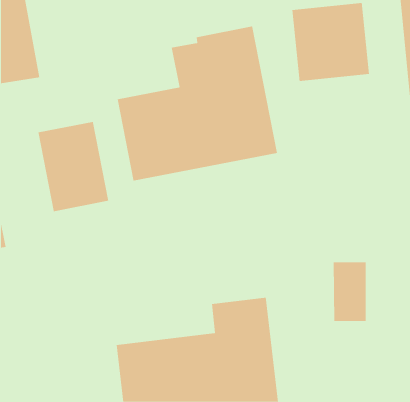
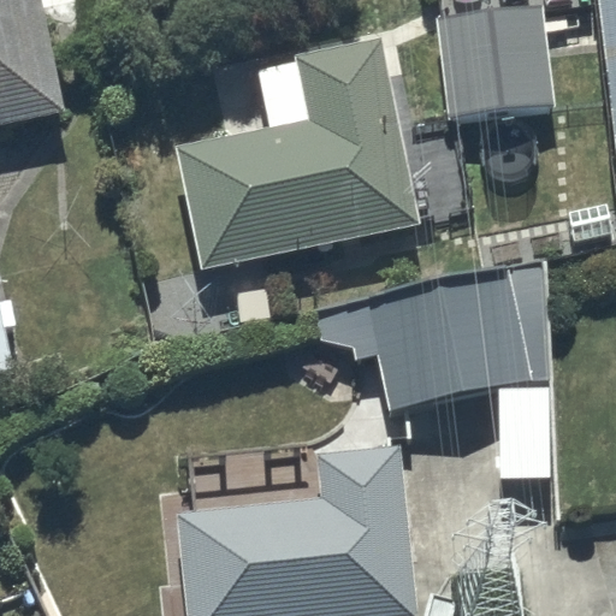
building: [38,121,109,212] -> none
building: none -> [315,262,550,411]

